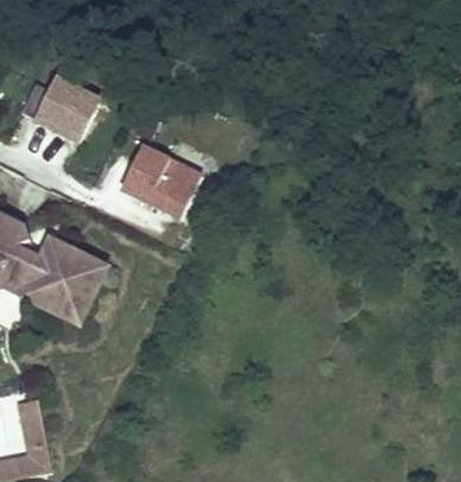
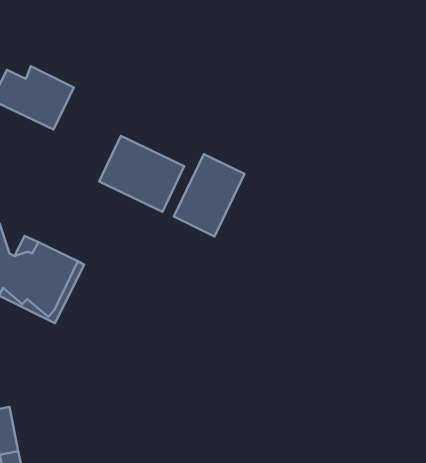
building: none -> [174,154,245,236]

